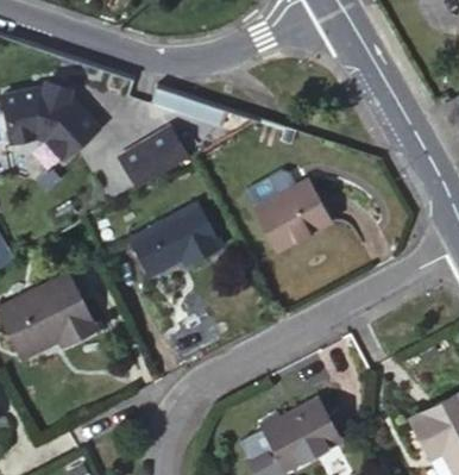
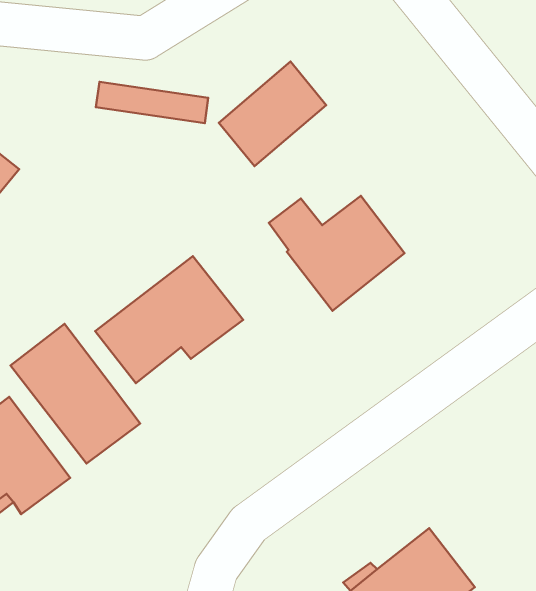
building: [120,126,189,188] -> [219,62,326,166]
building: none -> [10,324,140,464]

